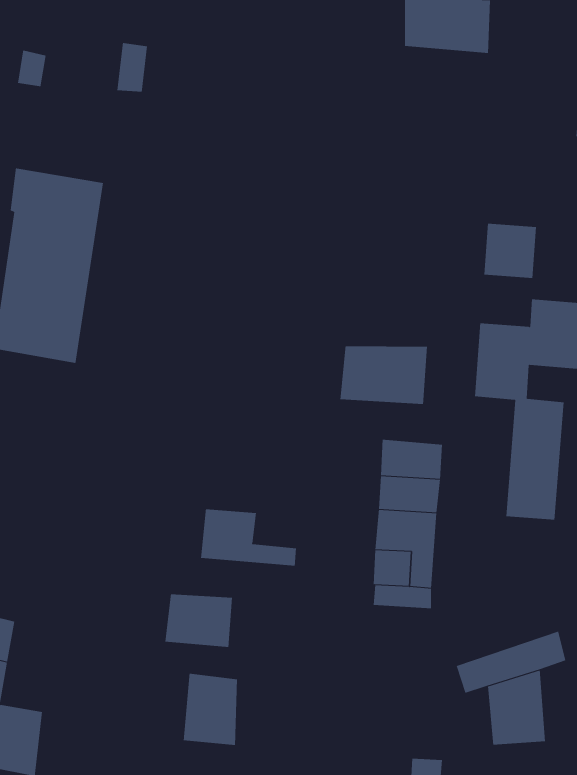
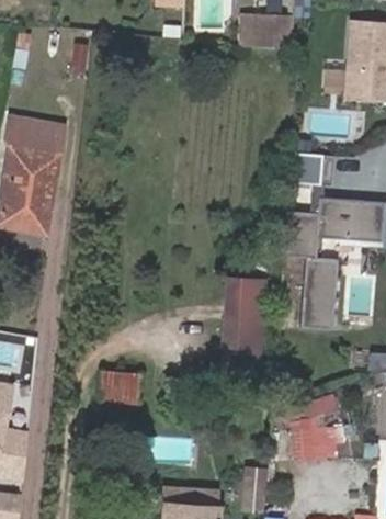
building: [340,345,427,405] -> none
building: [201,509,297,567] -> none
building: [183,673,238,746] -> none

